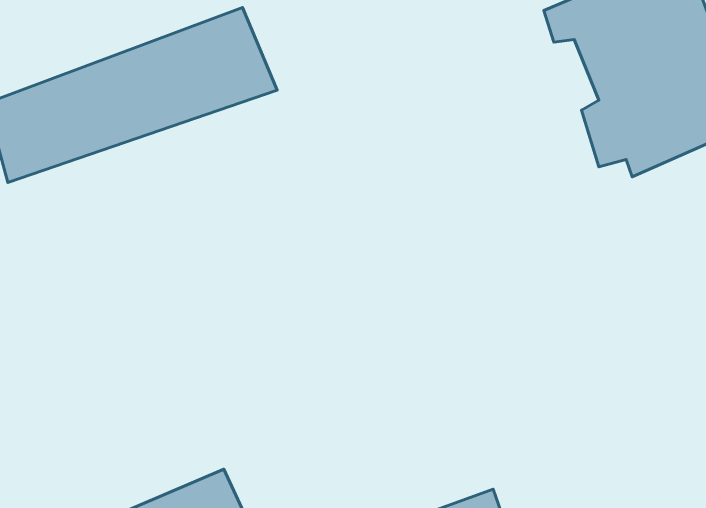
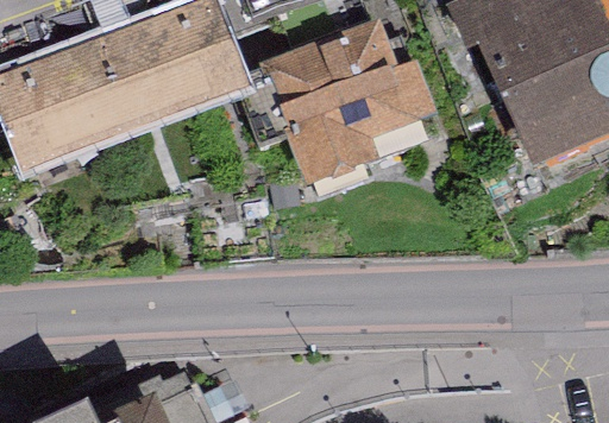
building: none -> [244,25,434,164]

